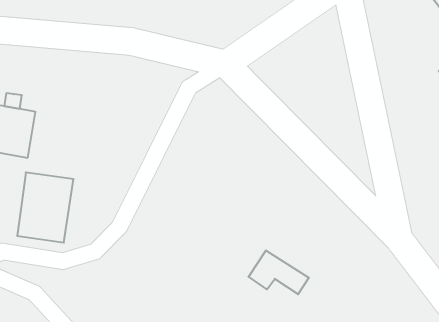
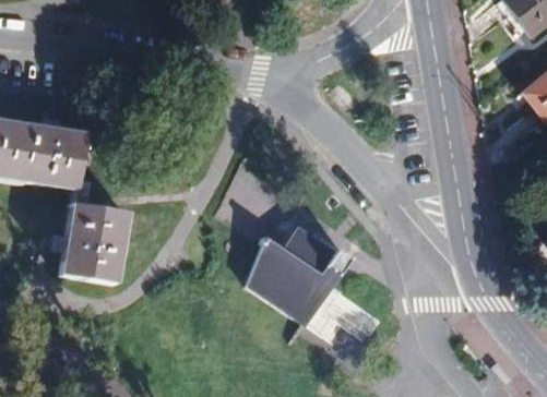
building: none -> [236,229,336,314]

